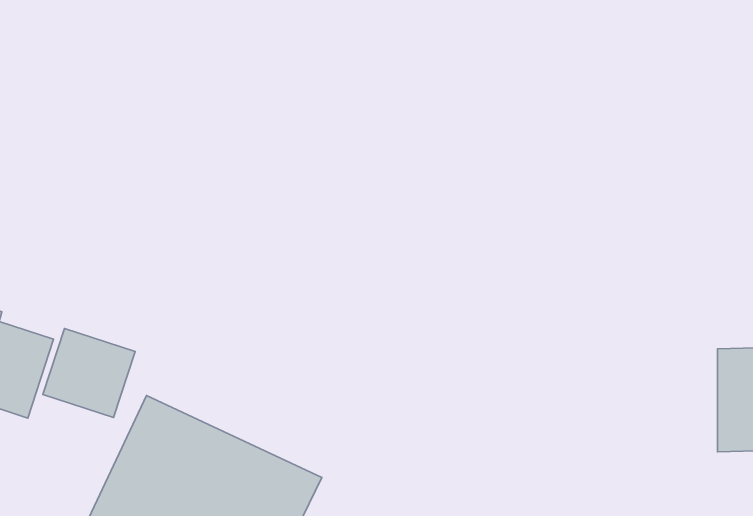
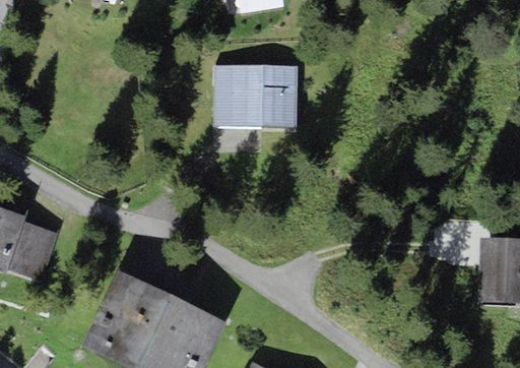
building: none -> [213,65,298,128]
building: [43,329,135,418] -> none

